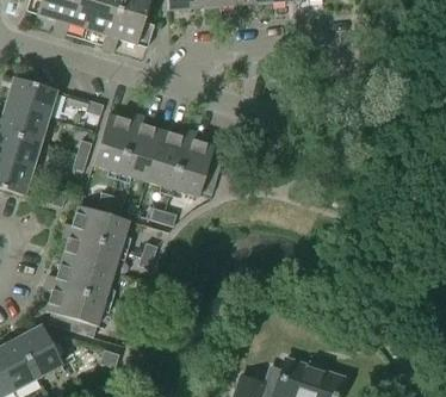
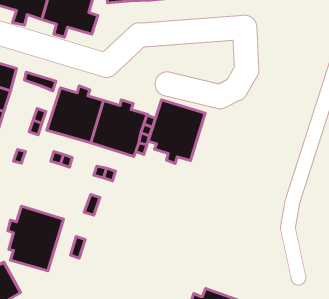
building: none -> [148,100,205,163]
building: [61,205,130,273] -> none

